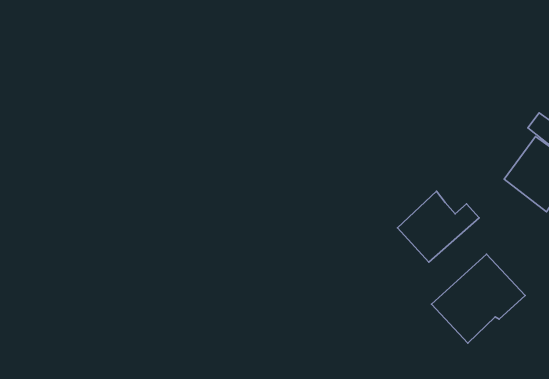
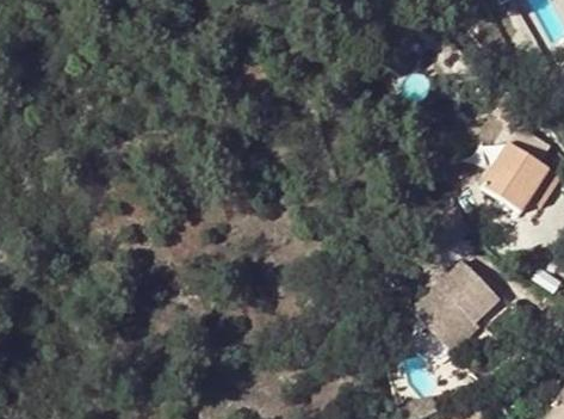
building: [398,191,479,262] -> none

